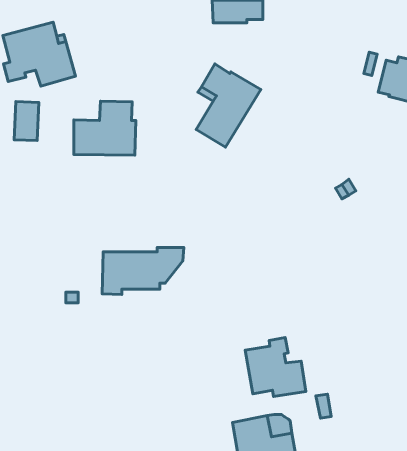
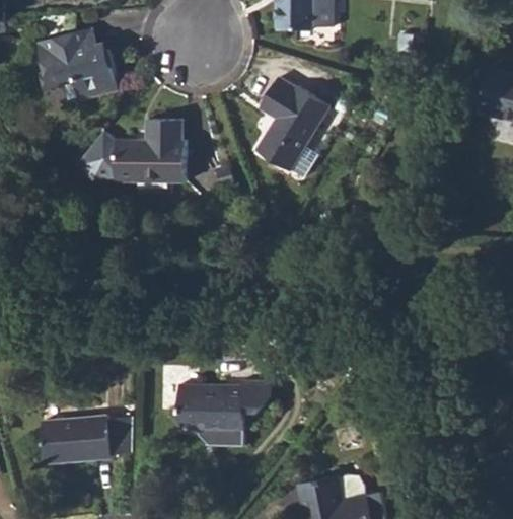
building: [14,102,39,141] -> [87,132,116,176]
building: [102,247,184,295] -> [177,381,271,435]
building: [245,338,306,396] -> none
building: none -> [41,417,131,462]

